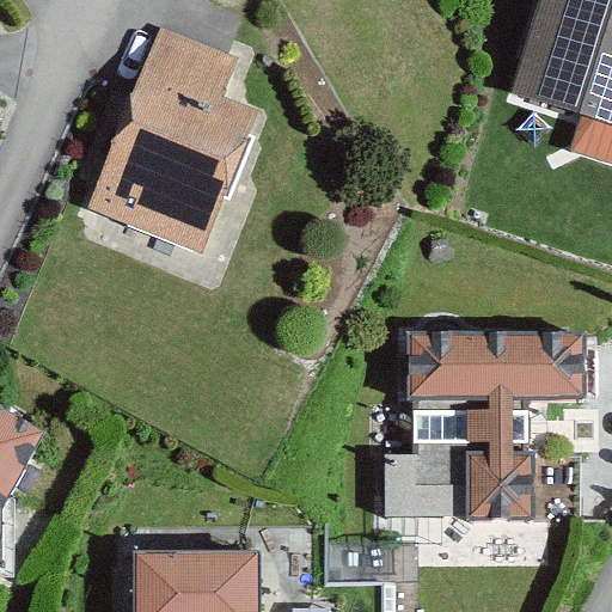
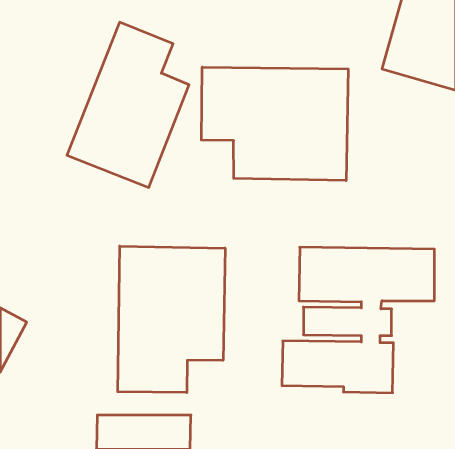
building: none -> [201,67,348,181]
building: none -> [118,246,225,393]

